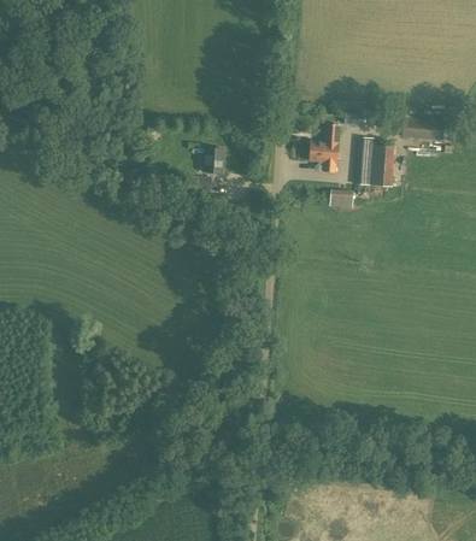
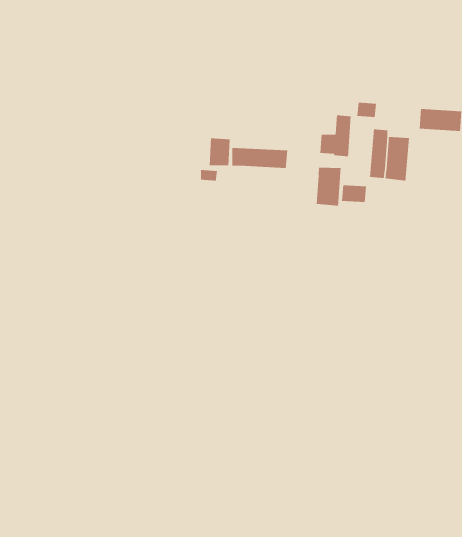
building: none -> [232,147,288,169]
building: none -> [316,167,341,207]

